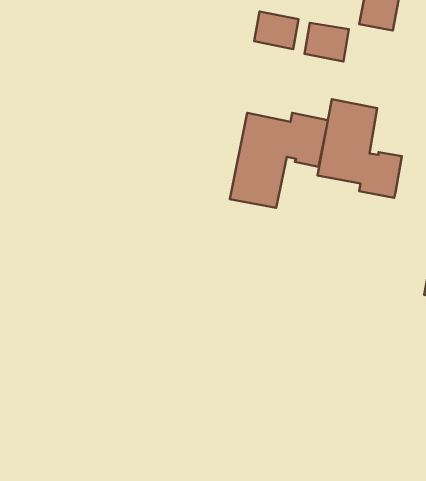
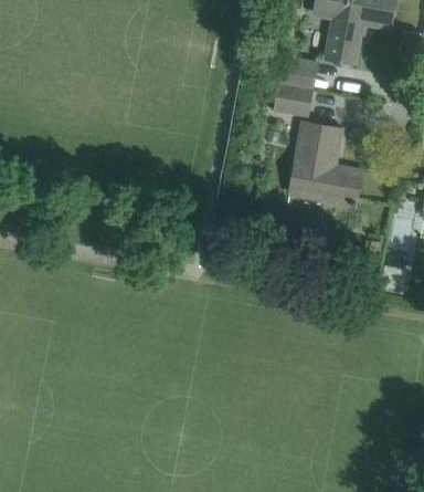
building: [254,11,298,49] -> [275,83,312,115]
building: [230,113,328,208] -> none

